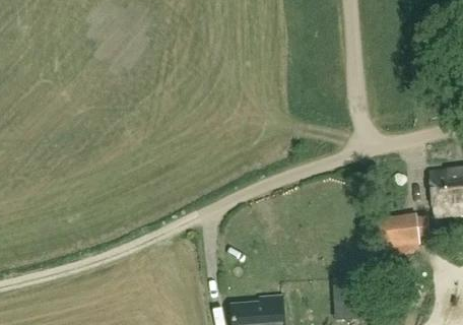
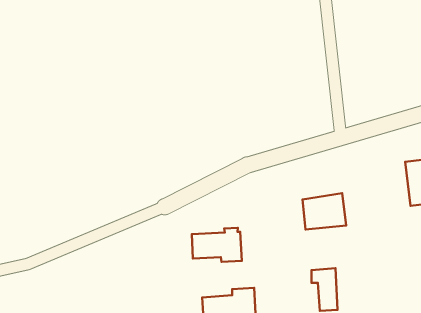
building: [378,212,420,248] -> [303,193,346,230]
building: none -> [192,228,242,262]

